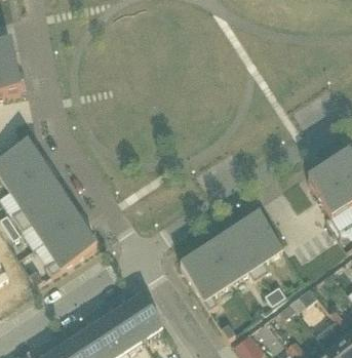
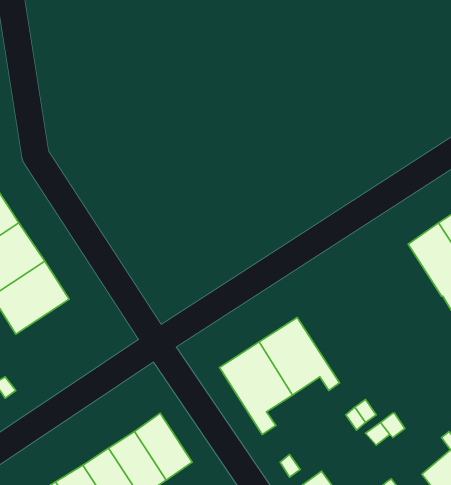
building: [233,211,283,274] -> none
building: [43,217,96,274] -> none

